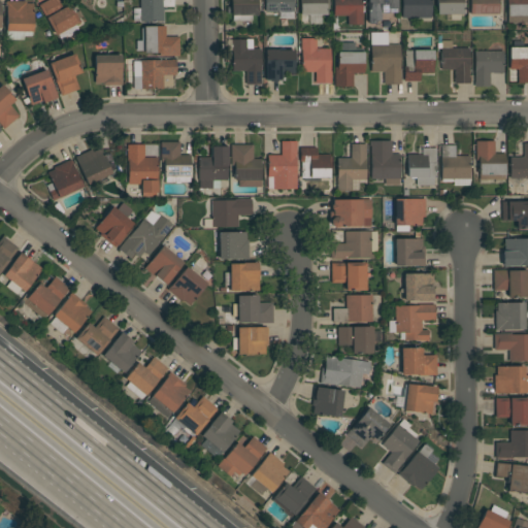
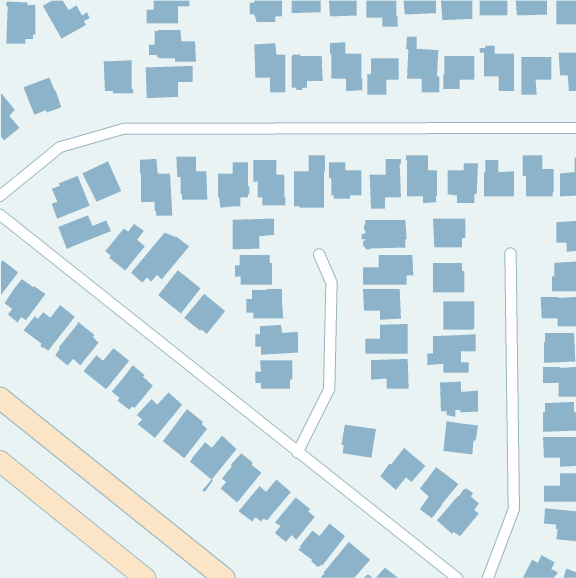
building: [51,54,84,96] -> none
building: none -> [58,215,112,250]
building: [321,356,372,388] -> none

